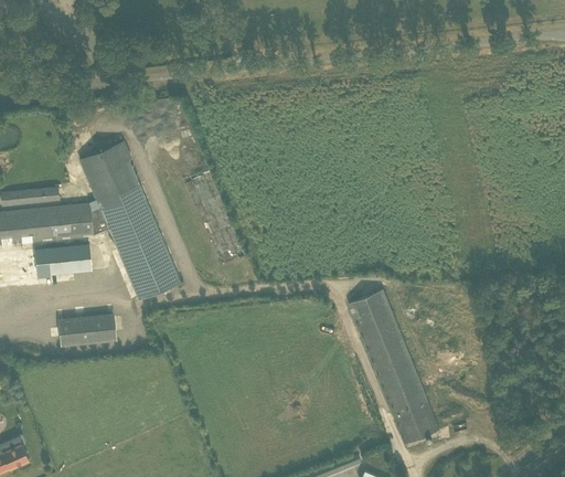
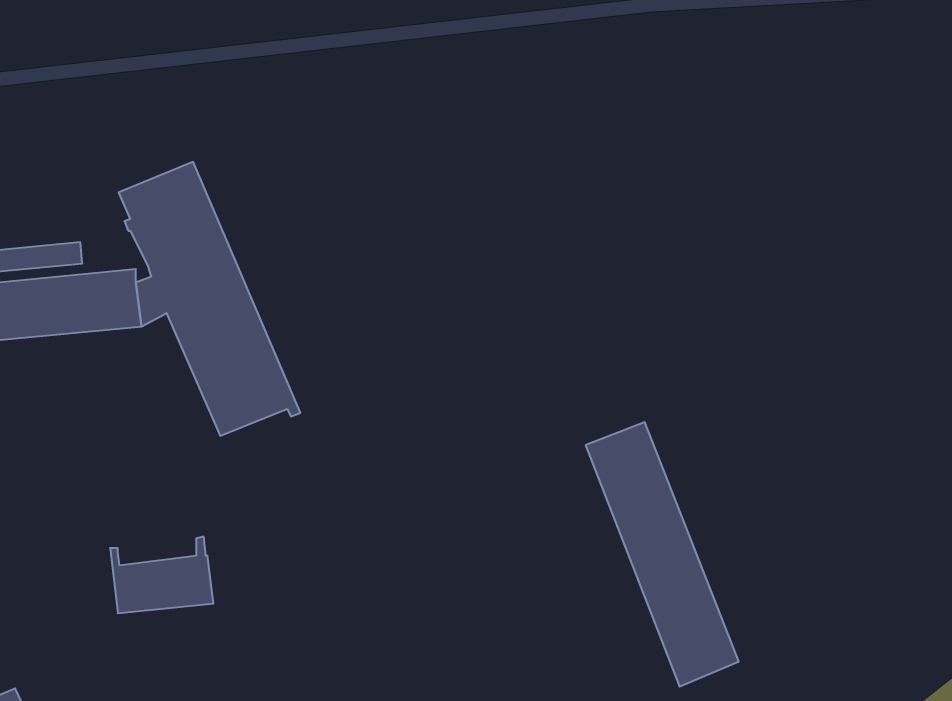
building: [33,244,90,277] -> none
building: [56,303,116,347] -> [110,537,213,613]

